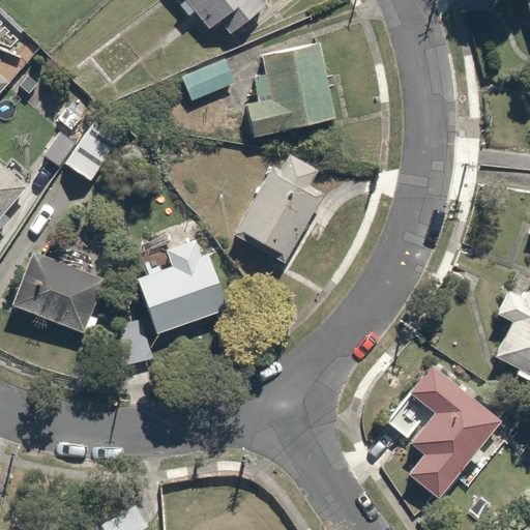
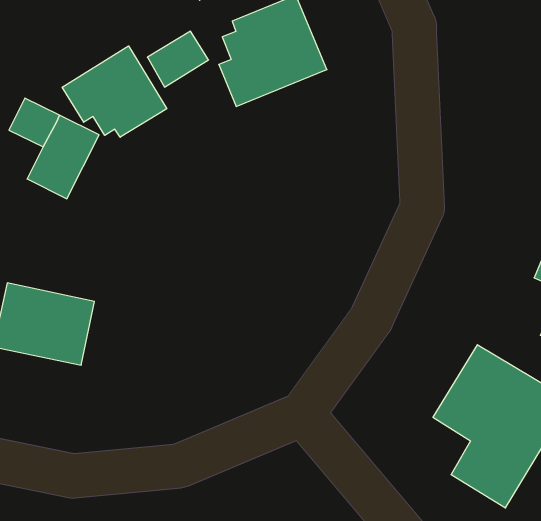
building: none -> [62,46,167,137]
building: [233,153,335,264] -> none
building: [139,234,235,333] -> none

